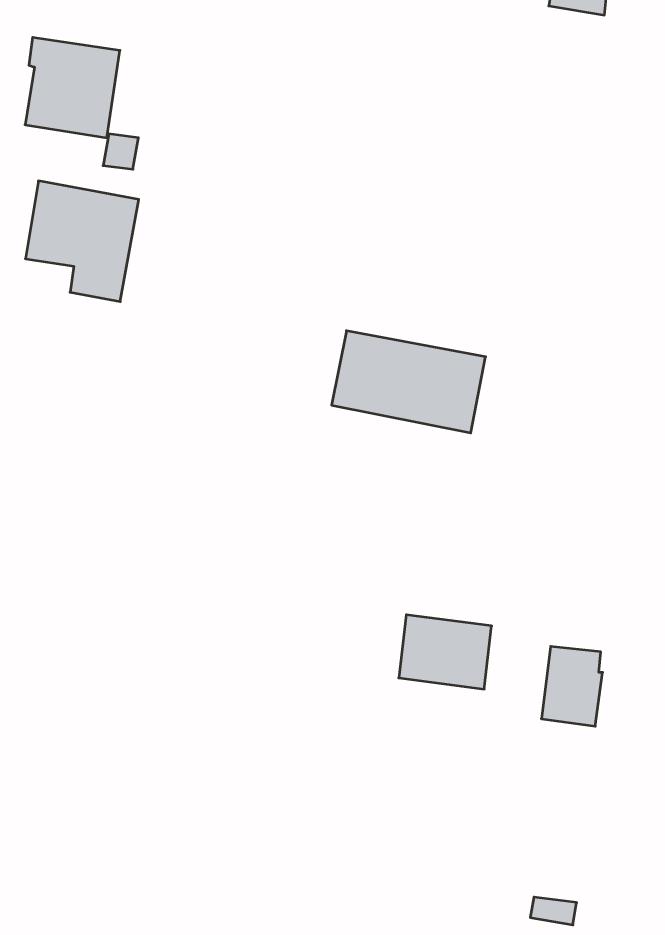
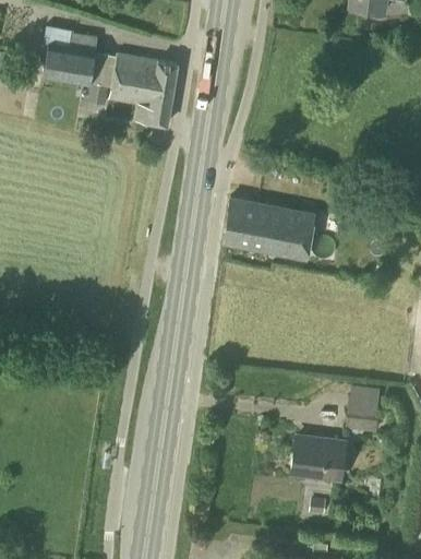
building: [25,181,139,302] -> [111,55,178,126]
building: [399,615,492,689] -> [291,437,346,480]

